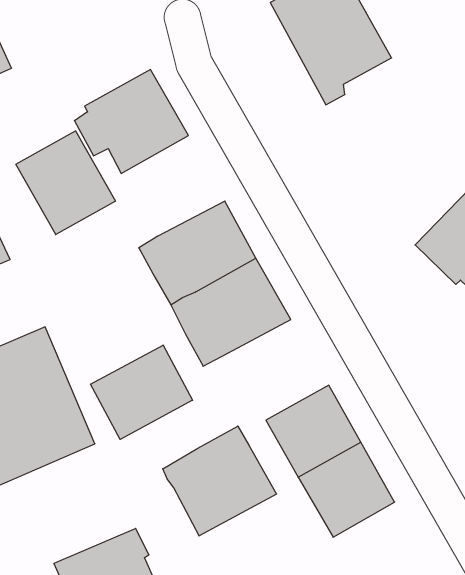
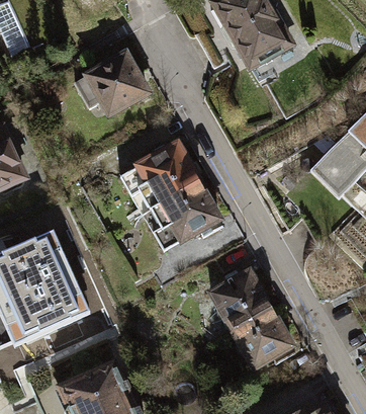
building: [16,131,115,235] -> none
building: [91,345,193,439] -> none
building: [163,426,277,536] -> none

